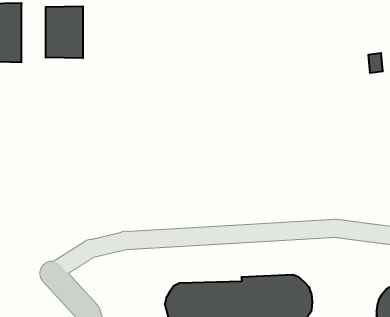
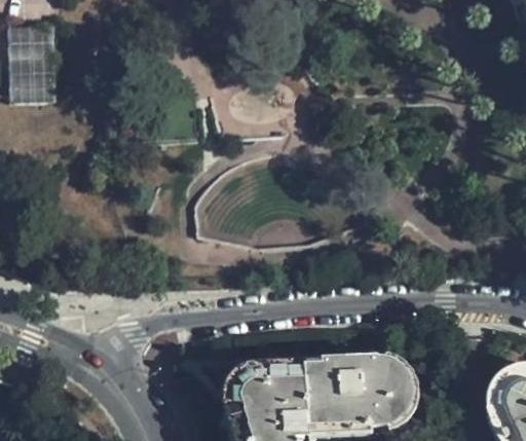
building: [46,6,83,58] -> none

